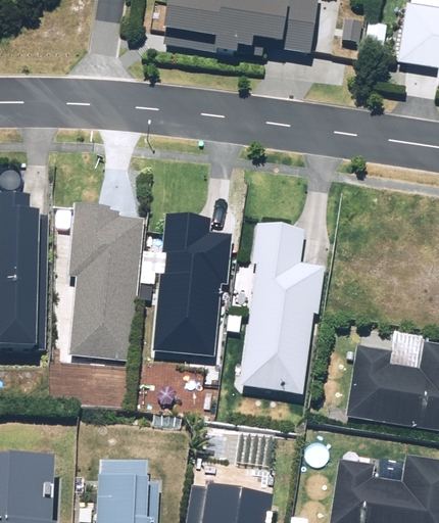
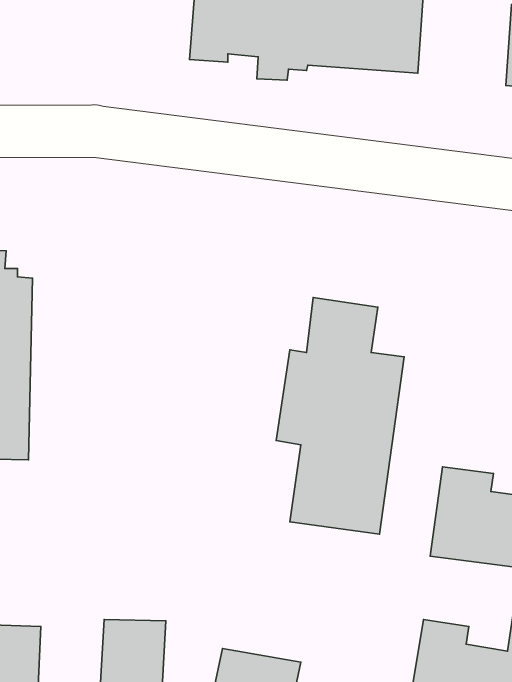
building: [68,197,145,355] -> none
building: [155,219,231,356] -> none

